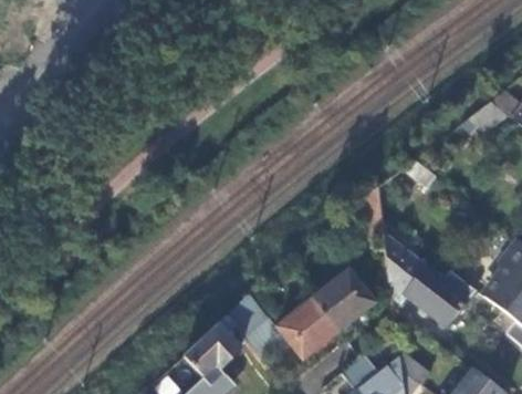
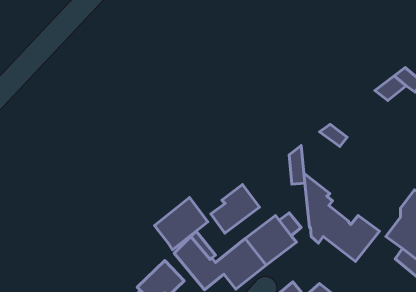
building: none -> [211,185,260,233]
building: none -> [154,198,208,250]

